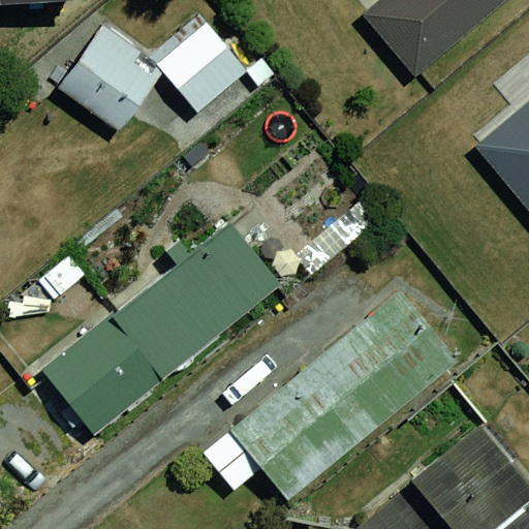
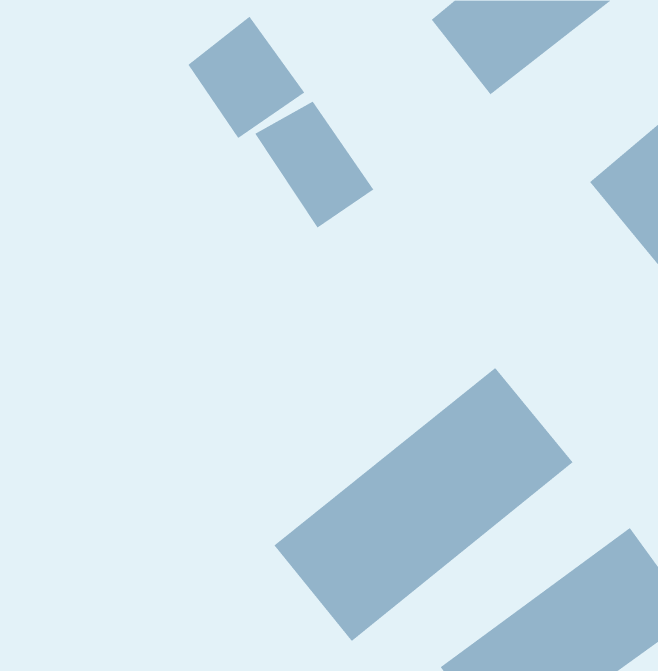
building: [69,40,175,142] -> none
building: none -> [254,101,374,229]
building: [40,218,286,427] -> none

